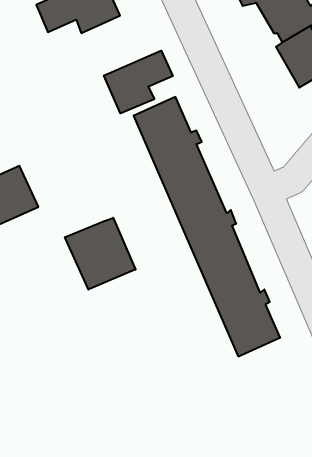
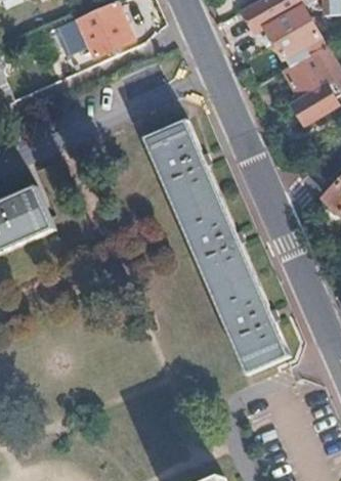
building: [104,51,173,113] -> none
building: [65,218,136,290] -> none

